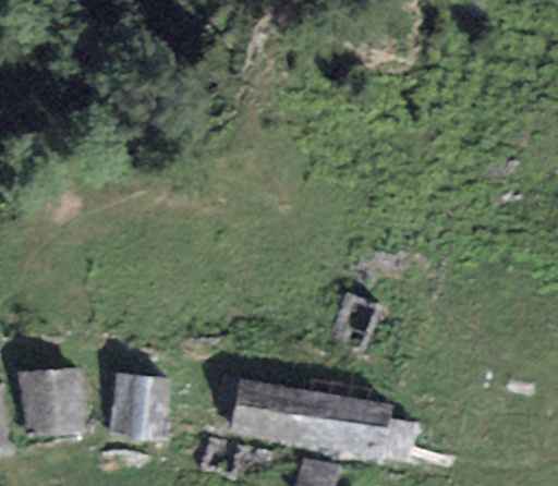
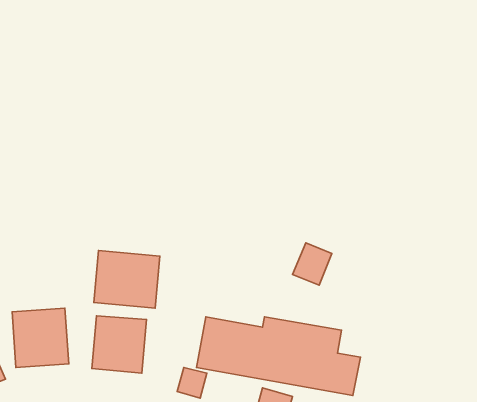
building: none -> [94,251,160,308]

